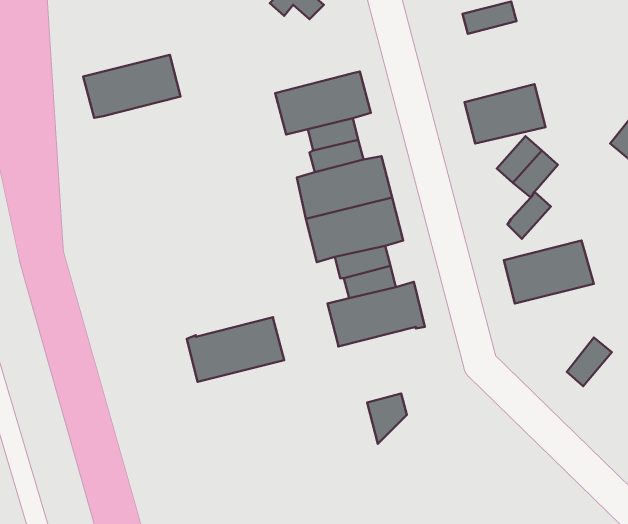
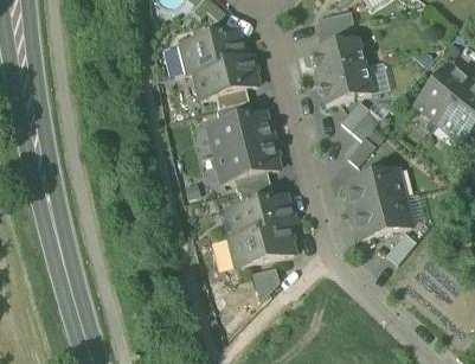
building: none -> [312,36,365,75]
building: [83,55,180,118] -> [181,28,245,70]
building: none -> [352,194,411,236]
building: [187,317,284,382] -> [230,223,294,266]

